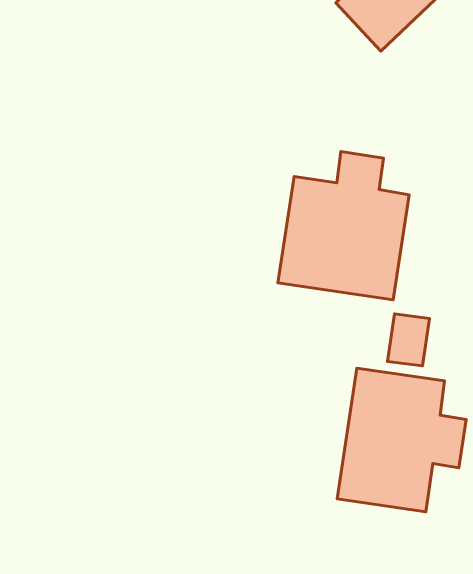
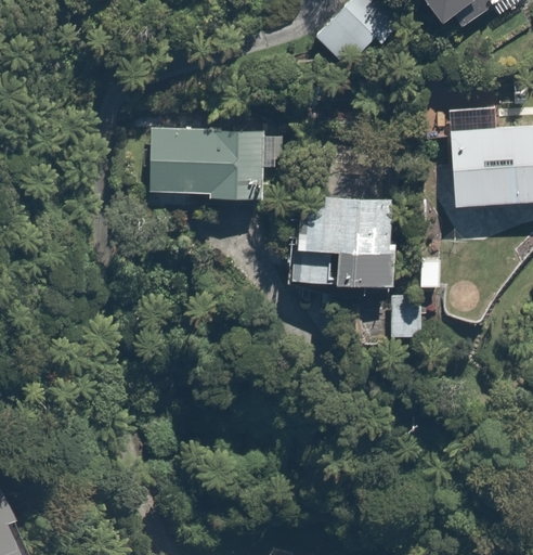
building: none -> [148,127,264,204]
building: [337,368,466,512] -> none

